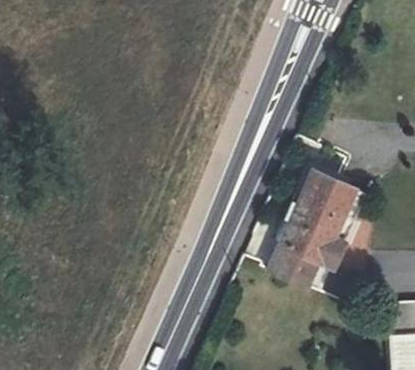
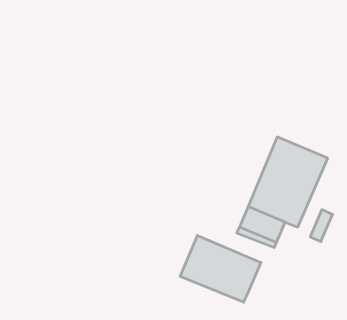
building: none -> [180,235,261,302]

